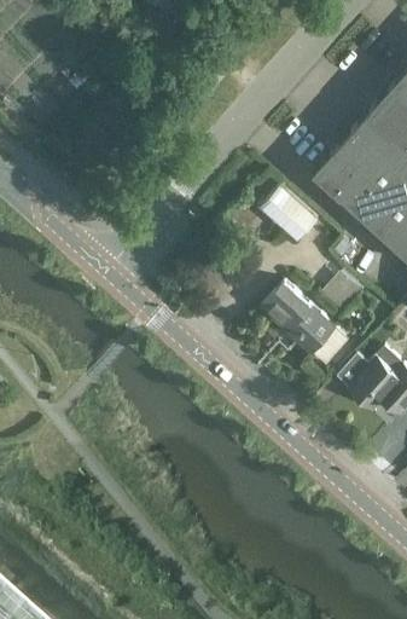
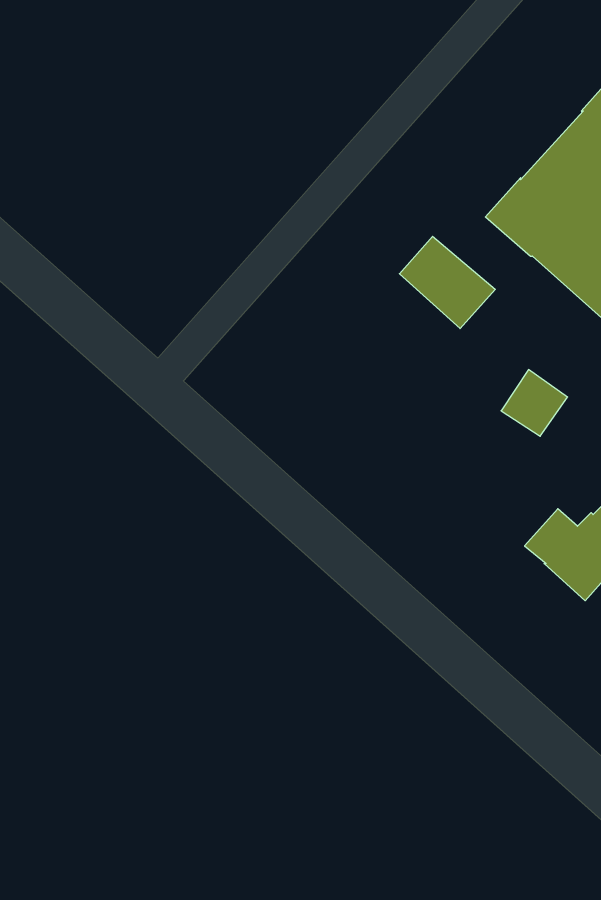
building: [260,283,349,366] -> none

